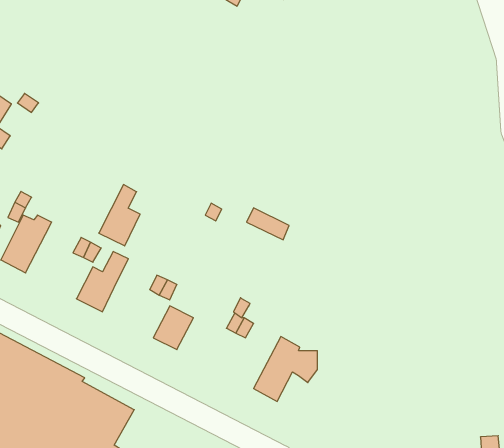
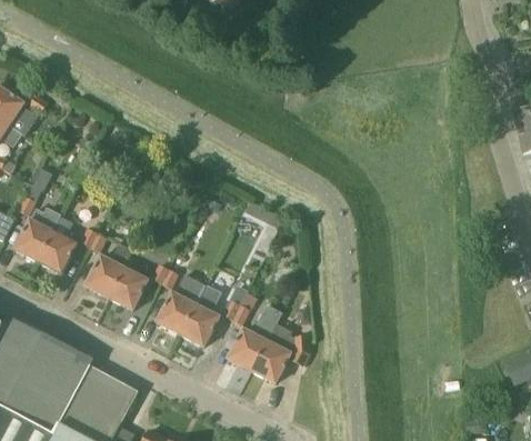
building: [99,185,140,246] -> [37,216,76,273]
building: none -> [109,268,147,310]
building: none -> [179,283,220,347]
building: none -> [227,303,282,370]

